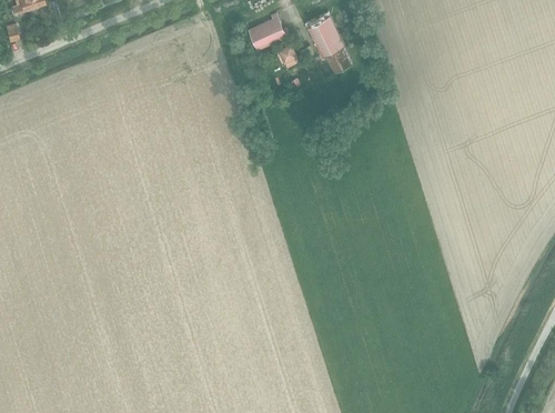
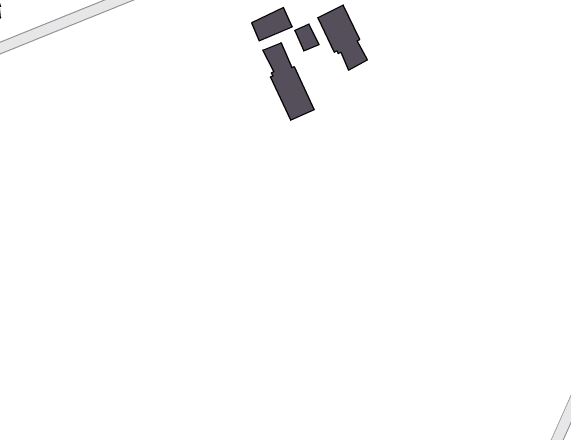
building: none -> [263,43,314,120]

